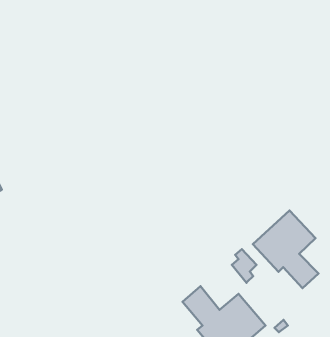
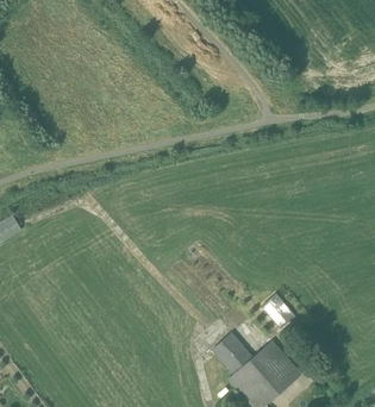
building: [253,210,319,288] -> none

